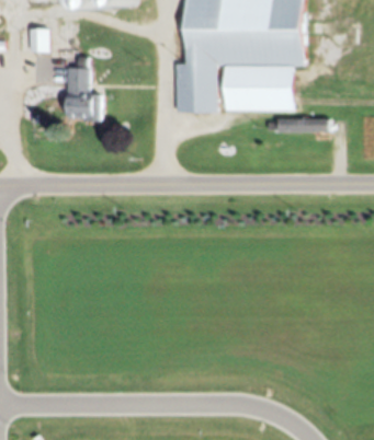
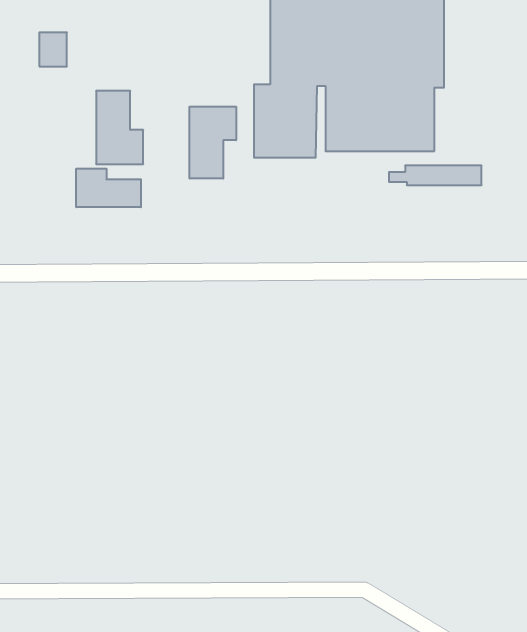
building: none -> [190,107,236,179]
building: none -> [76,169,141,207]

